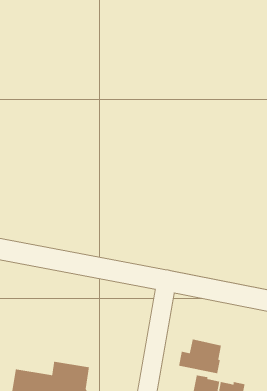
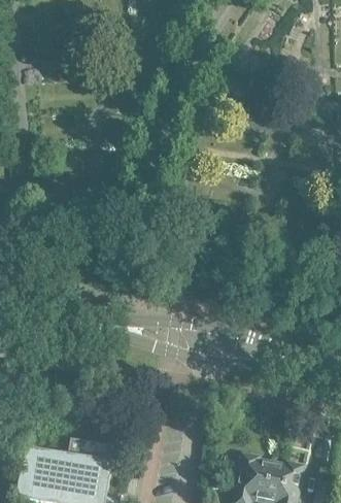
building: [178,338,222,374] -> none

